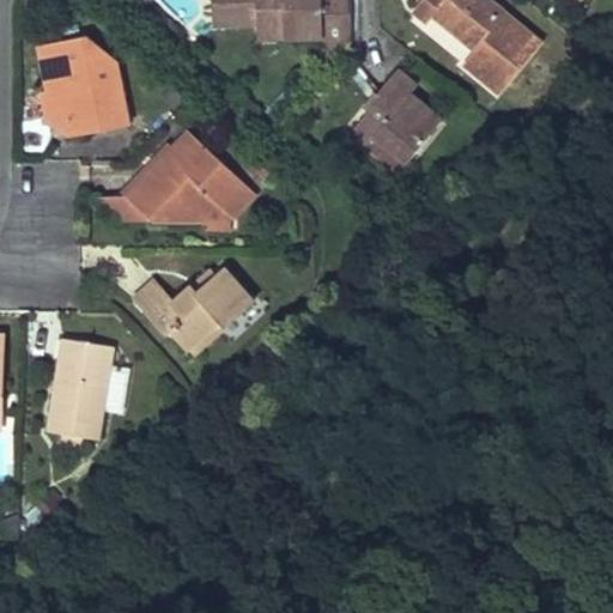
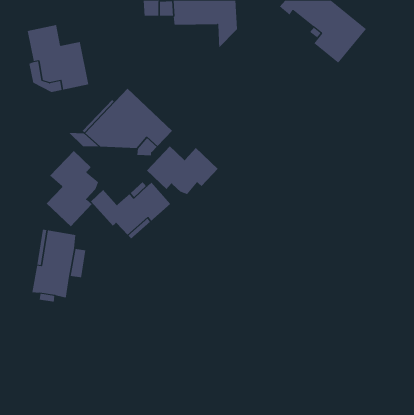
building: [351,71,441,162] -> none
building: none -> [146,146,219,195]
building: none -> [46,150,99,227]

